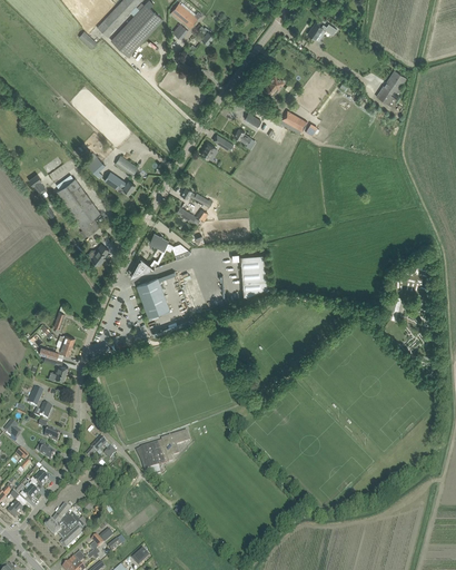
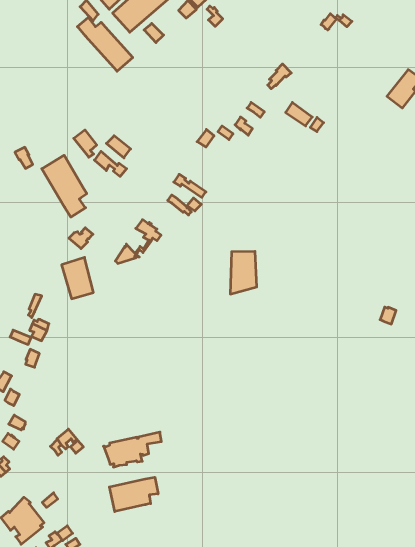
building: none -> [77,18,133,71]
building: [136,277,168,317] -> [62,257,93,299]
building: none -> [109,477,158,512]

